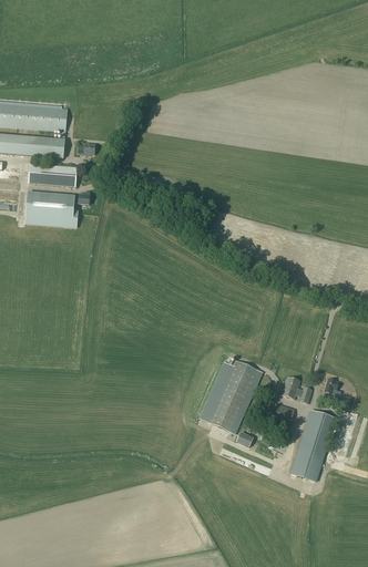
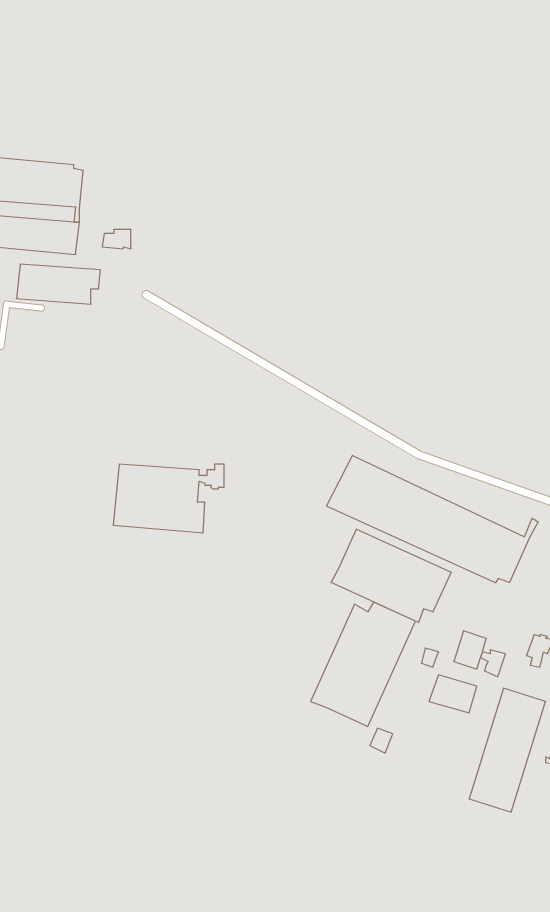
building: [25,190,90,230] -> [113,464,224,533]
building: none -> [327,455,538,583]
building: none -> [331,529,451,623]

